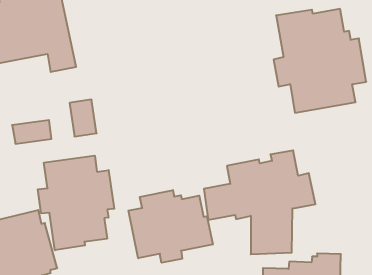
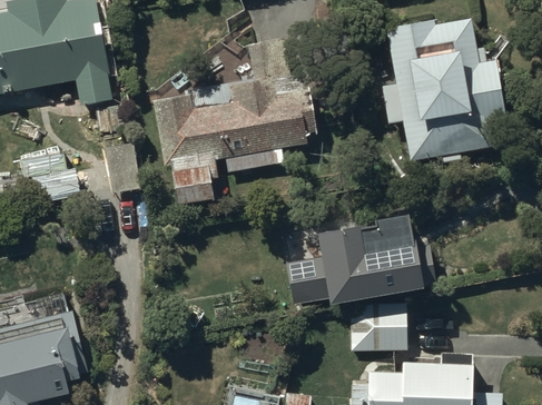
building: none -> [152,39,317,205]
building: [38,156,114,250] -> none
building: [128,190,213,263] -> none

